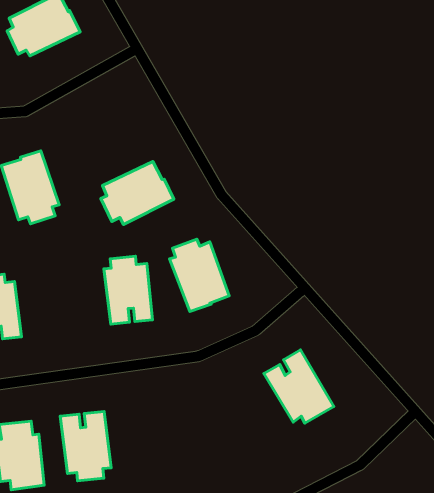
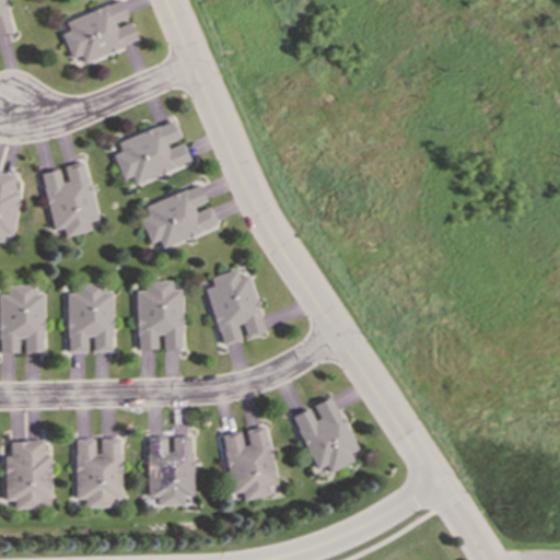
building: none -> [115,122,191,182]
building: none -> [68,283,114,352]
building: none -> [223,427,277,501]
building: none -> [149,436,195,506]

